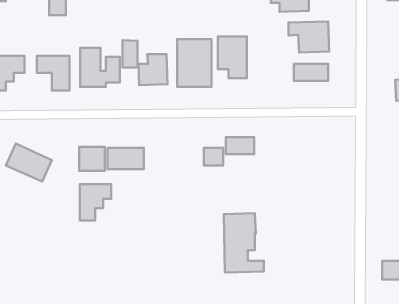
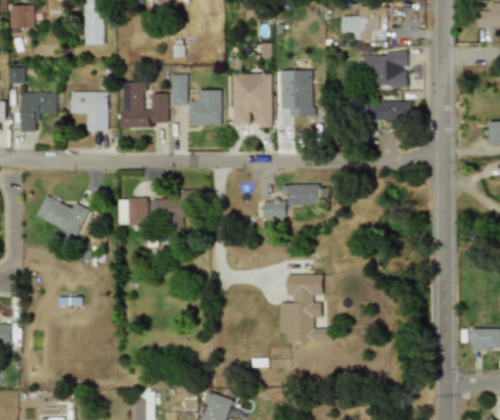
building: [80,184,111,221] -> none

